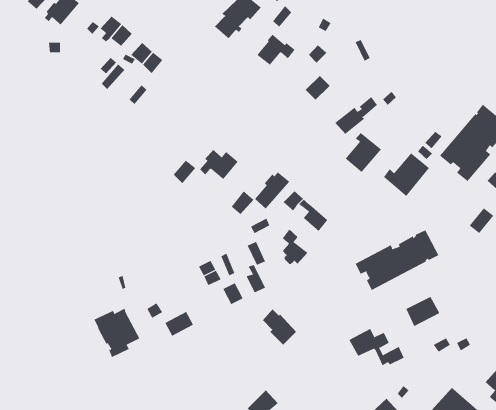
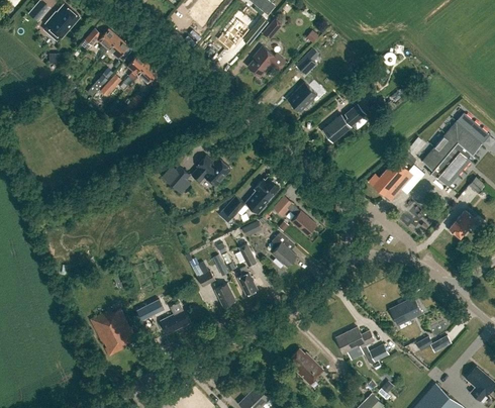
building: [345,132,382,173] -> none
building: [355,229,439,291] -> none
building: [262,309,297,346] -> [289,348,322,384]

